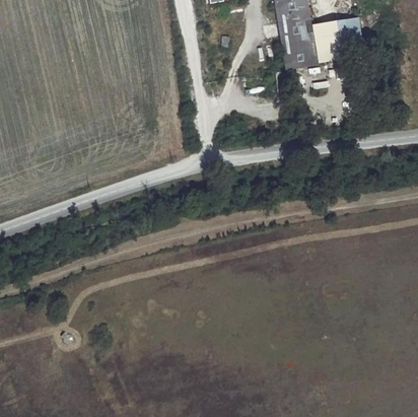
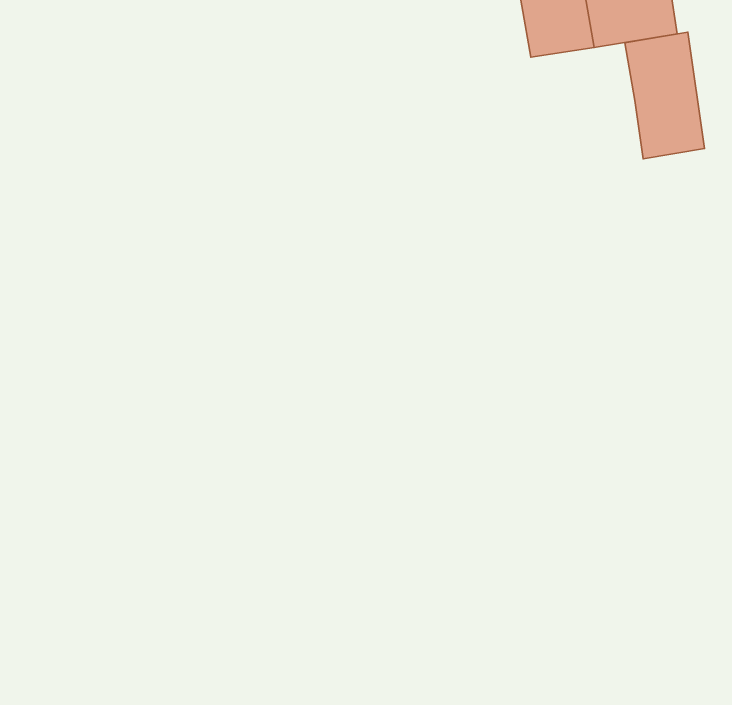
building: none -> [625,32,704,159]

